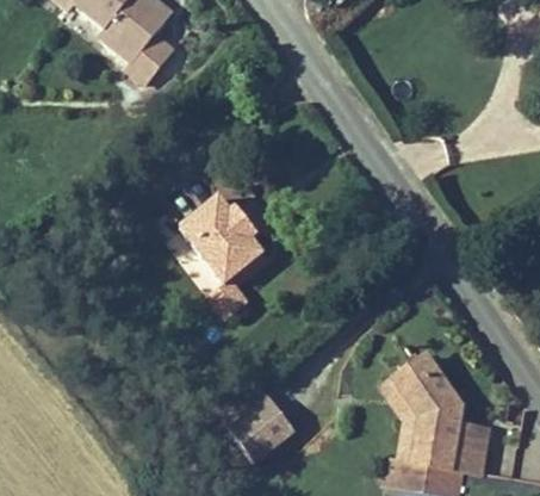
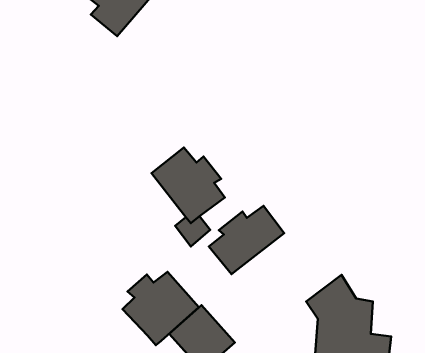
building: none -> [209,206,284,274]
building: none -> [123,272,199,345]

